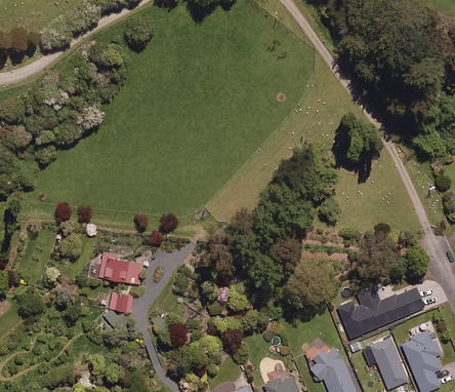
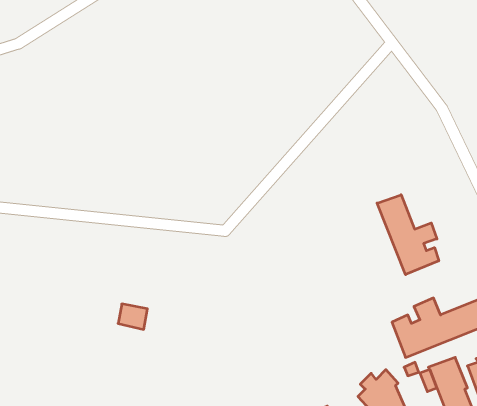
building: none -> [377,195,439,275]
building: [97,251,143,285] -> none

